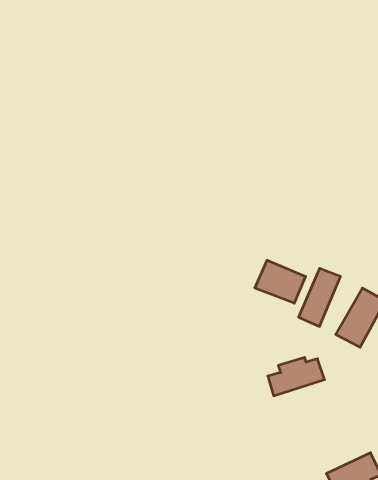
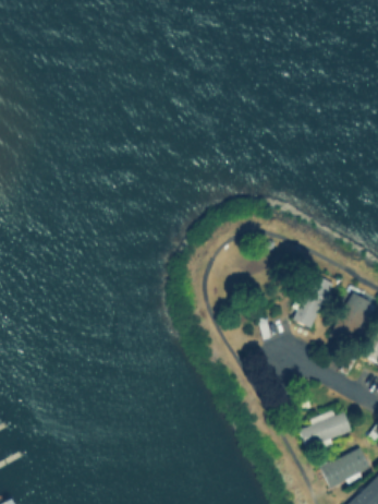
building: [255,260,306,303] -> none
building: [268,358,325,396] -> [298,410,352,446]

